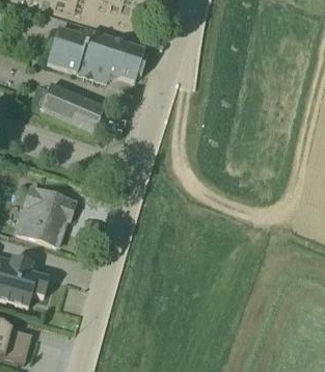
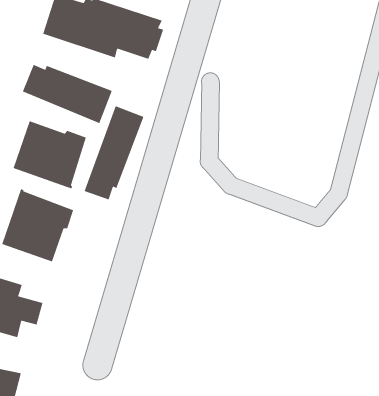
building: none -> [84,105,145,201]
building: none -> [12,120,87,190]

